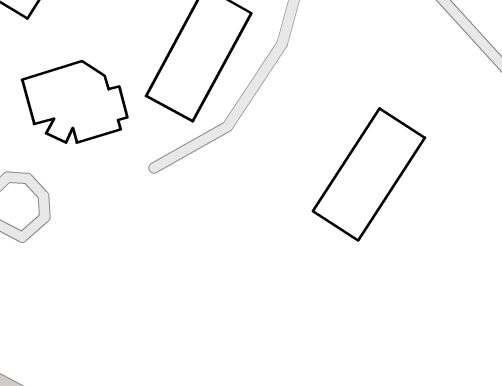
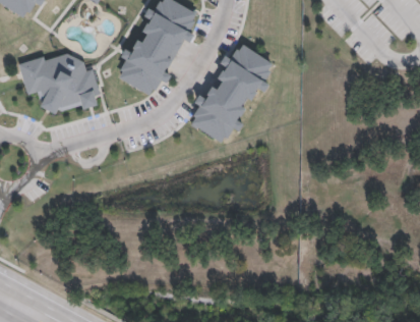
building: [313,108,425,240] -> [189,43,275,144]

